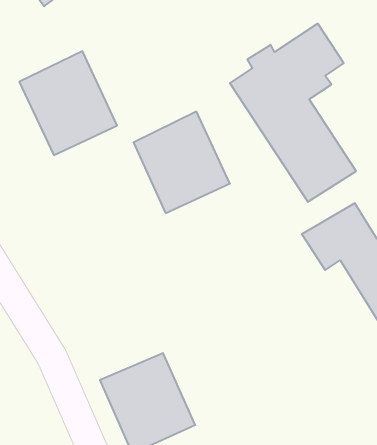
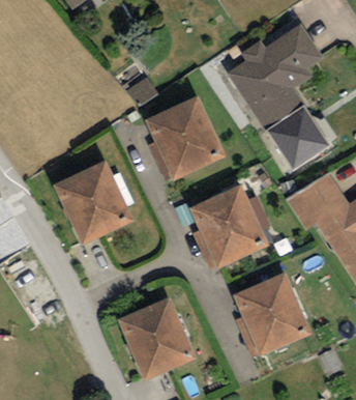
building: [19,51,117,155] -> [53,159,135,246]
building: none -> [189,187,269,269]
building: none -> [233,274,312,356]

